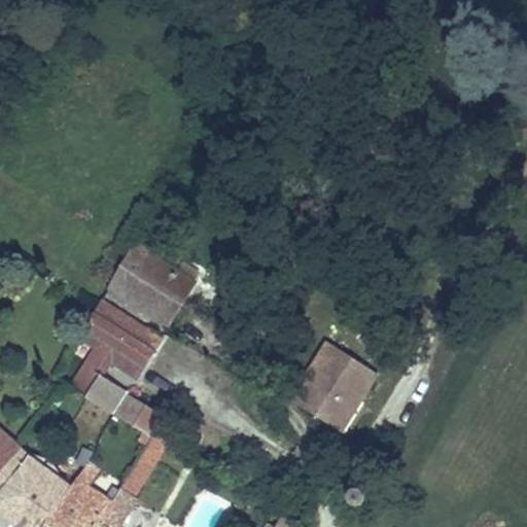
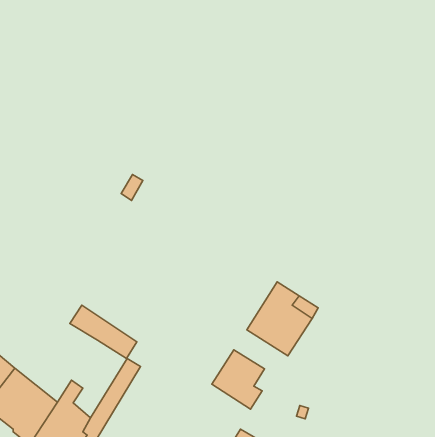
building: [109,244,196,323] -> none
building: [77,300,161,377] -> none
building: none -> [212,350,265,409]

